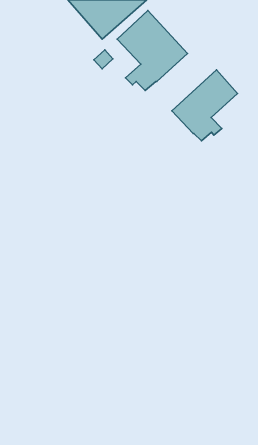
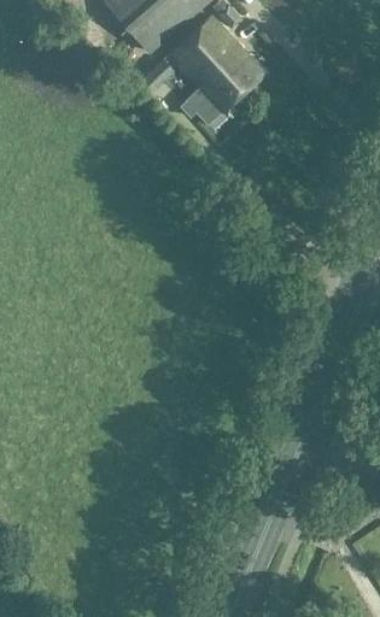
building: [172,70,237,141] -> none

